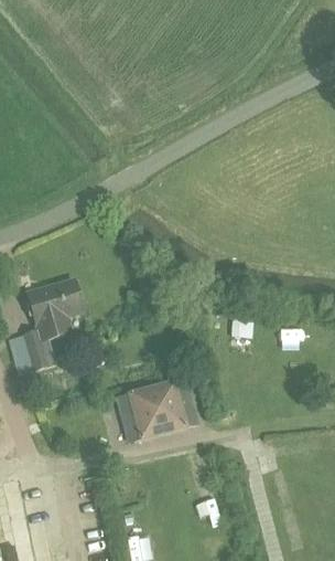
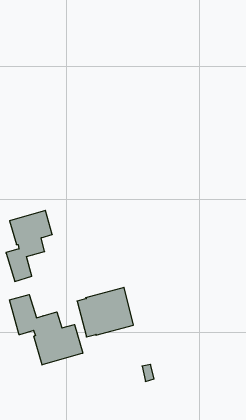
building: none -> [10,295,83,365]

